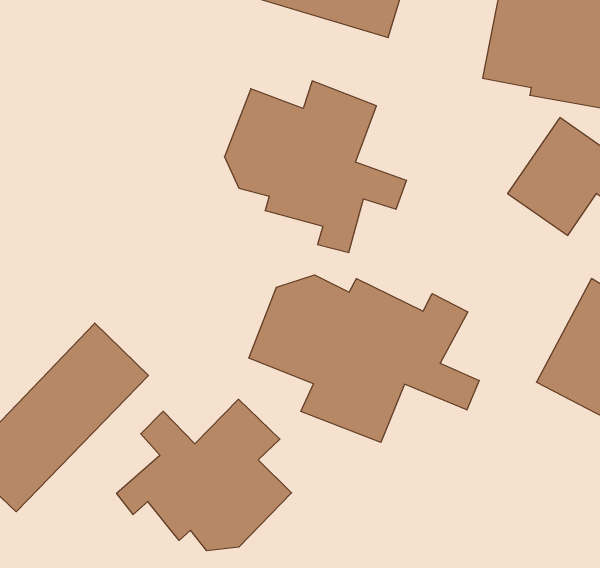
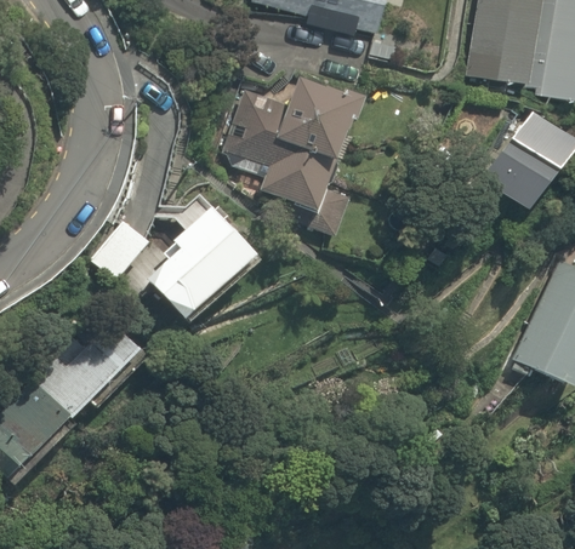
building: none -> [150,193,269,328]
building: [249,275,479,442] -> none
building: [117,399,292,551] -> none

